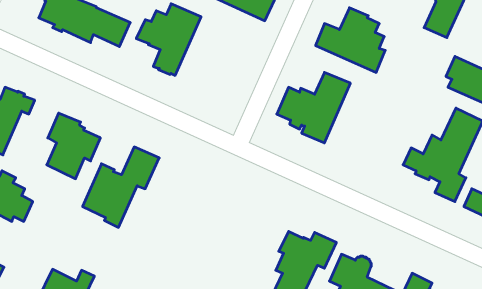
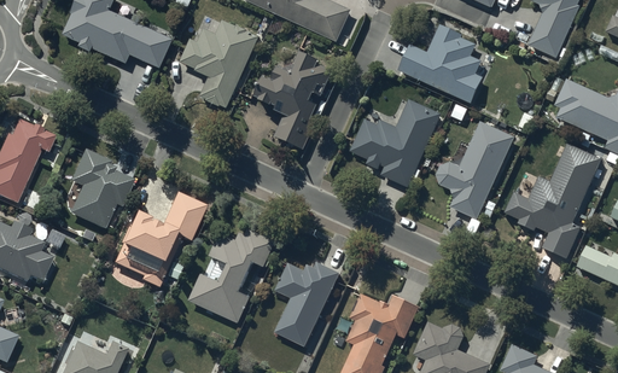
building: none -> [253,52,332,150]
building: none -> [436,117,513,215]
building: none -> [190,231,276,325]
building: none -> [274,262,340,348]

